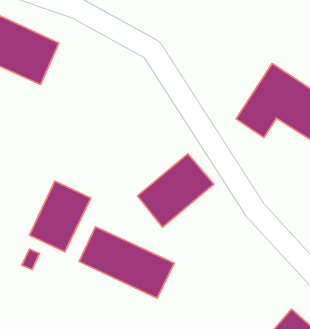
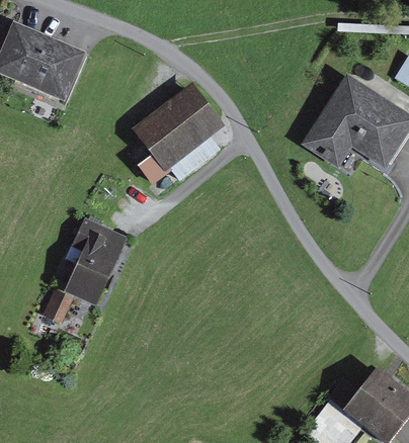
building: [137,154,214,227] -> [132,86,224,174]
building: [79,227,174,298] -> none

